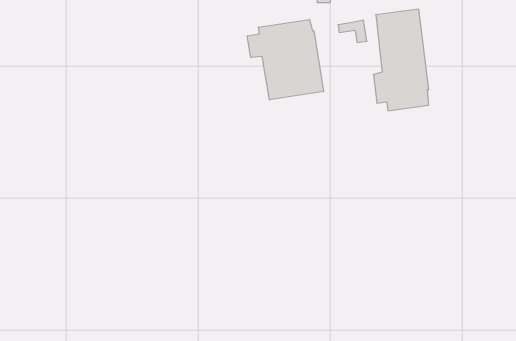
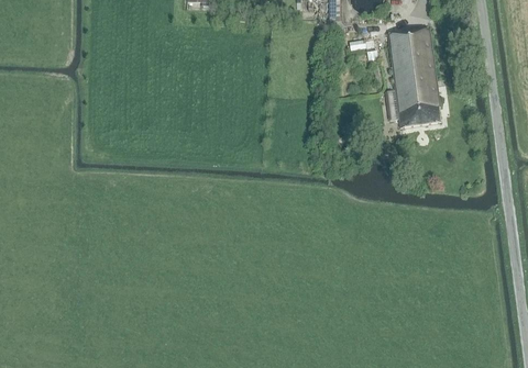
building: [247,19,323,100] -> none

